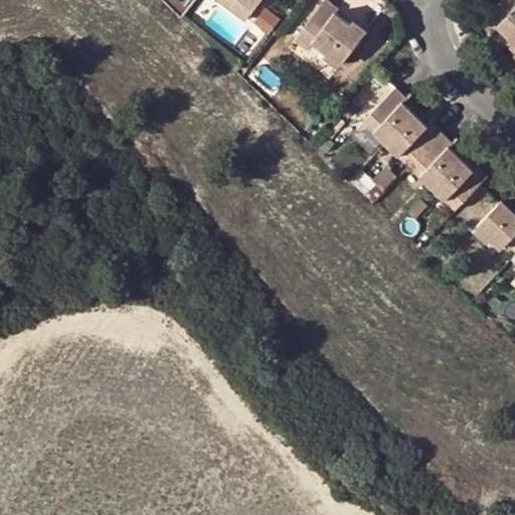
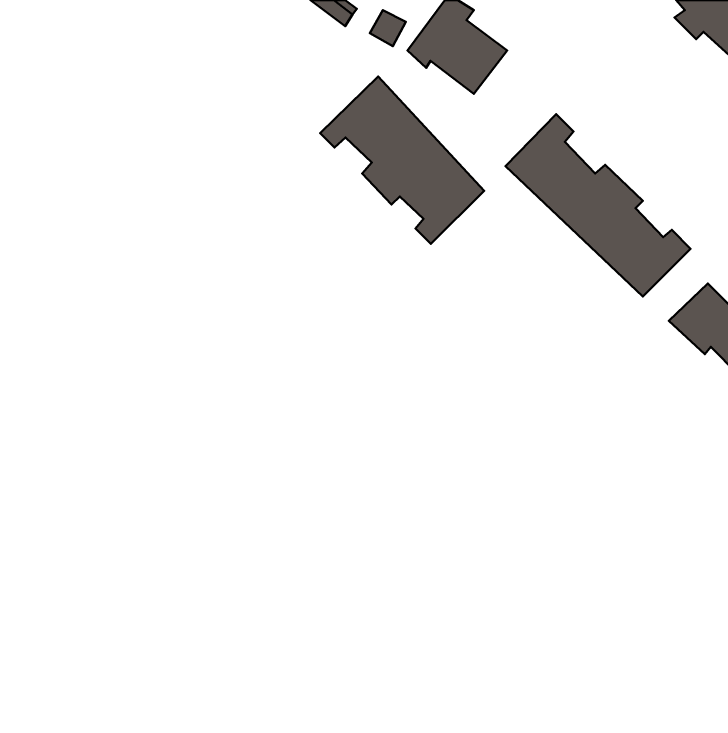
building: none -> [320,77,484,244]

